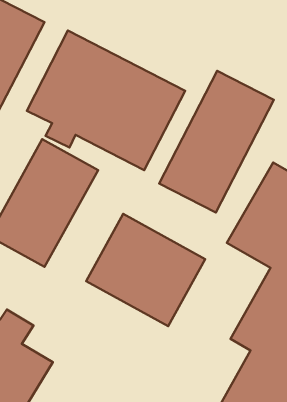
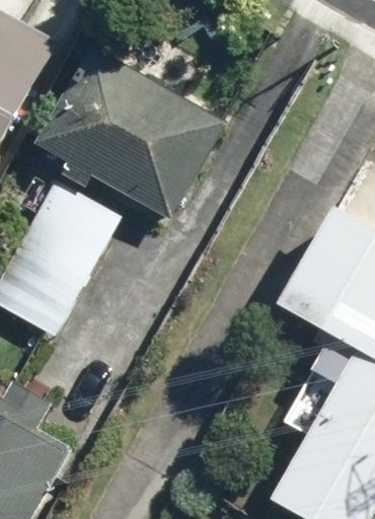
building: [159,71,274,213] -> none
building: [86,214,205,326] -> none

